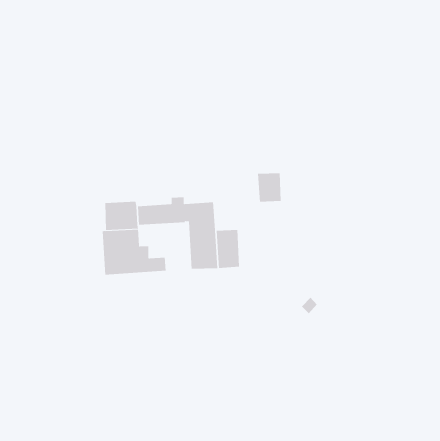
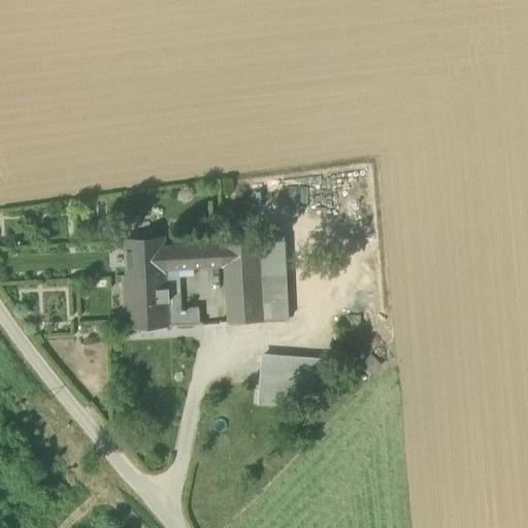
building: [257,173,281,202] -> [256,240,285,275]
building: none -> [259,357,324,408]

